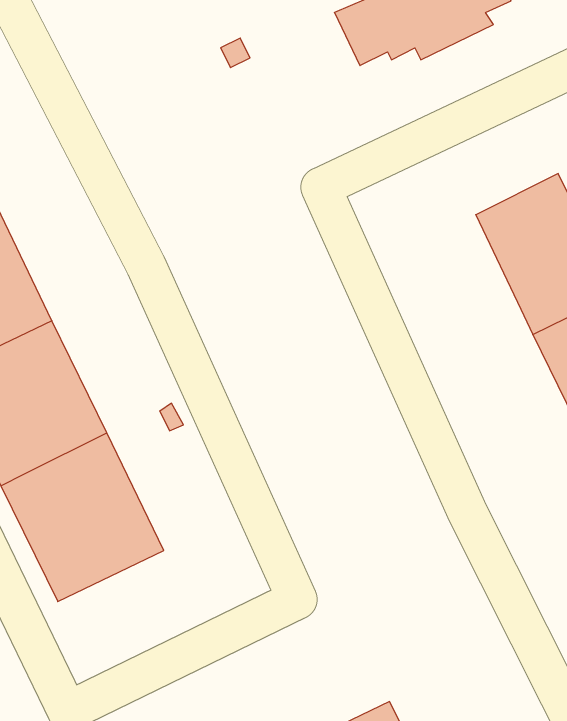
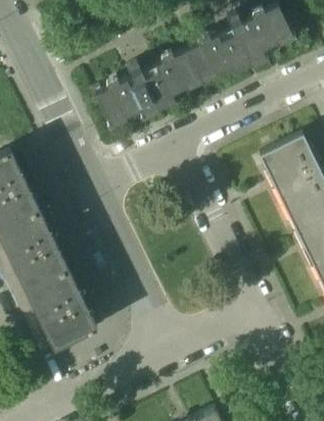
building: none -> [96,48,200,120]

